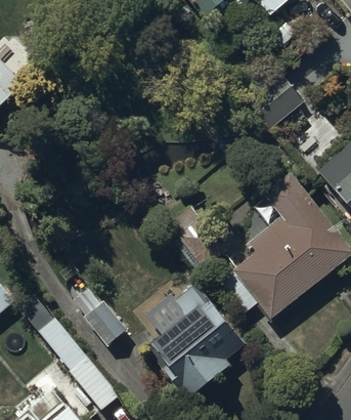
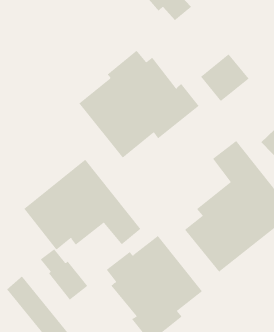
building: none -> [79,50,199,159]
building: none -> [23,159,141,250]

